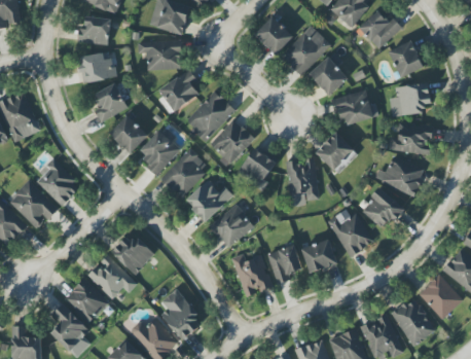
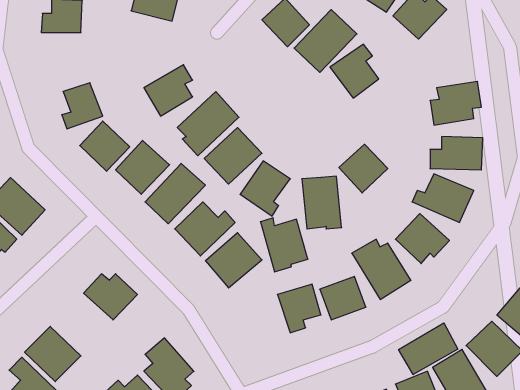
building: [388,39,424,77] -> none
building: [137,40,181,70] -> none
building: [79,52,115,82] -> none
building: [332,89,378,125] -> none
building: [87,254,136,299] -> none
building: [232,254,270,297] -> [260,218,308,272]
building: none -> [399,323,458,375]

